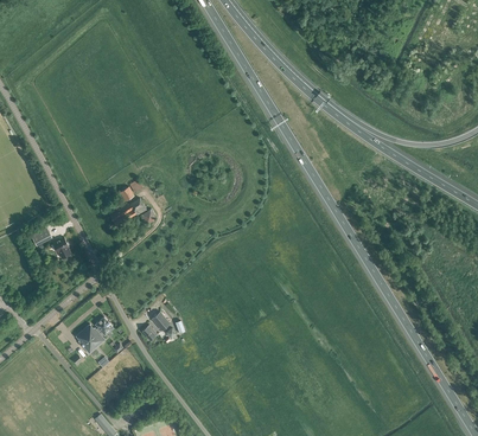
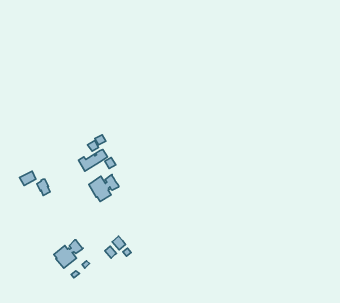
building: none -> [89,175,119,201]

